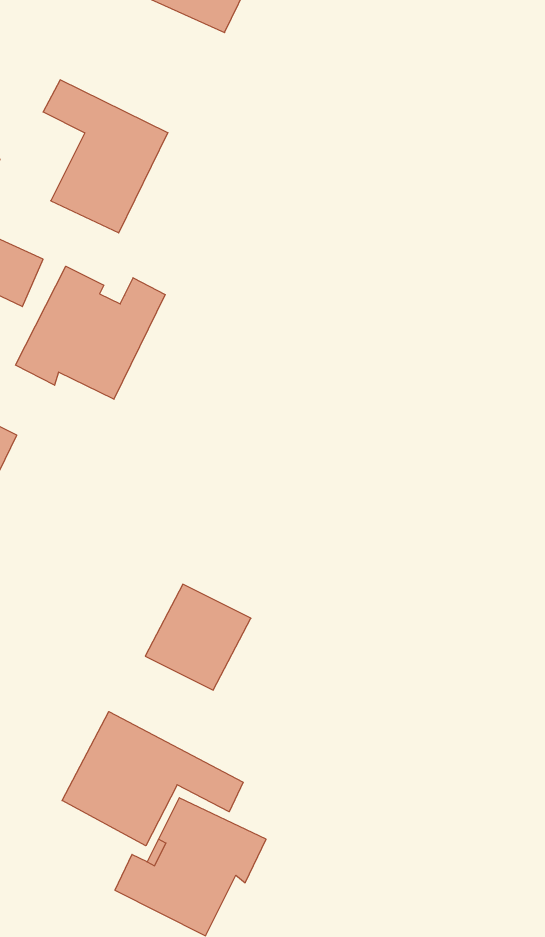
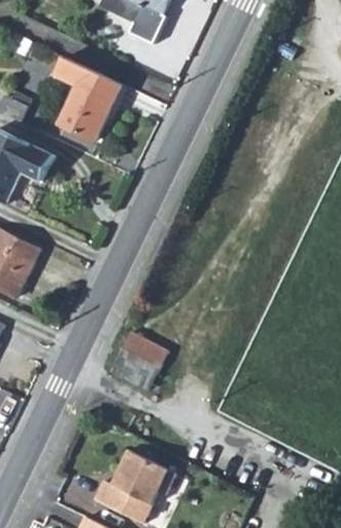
building: [16,266,165,399] -> none
building: [62,712,243,846] -> none

